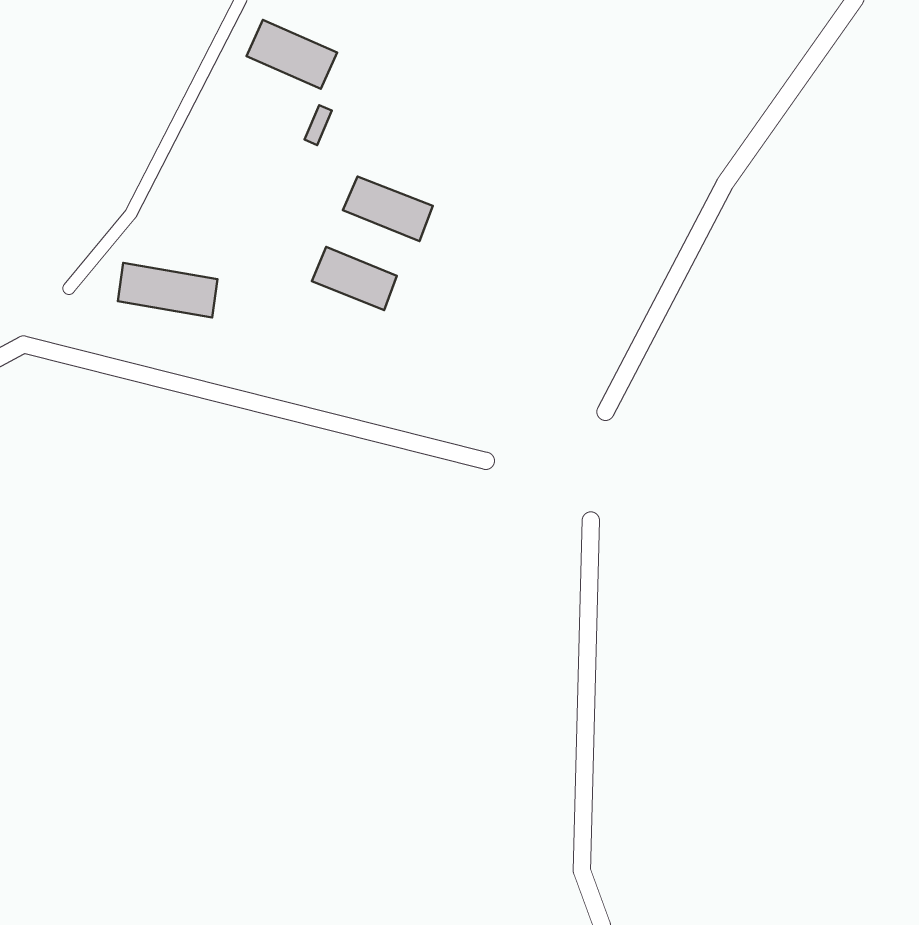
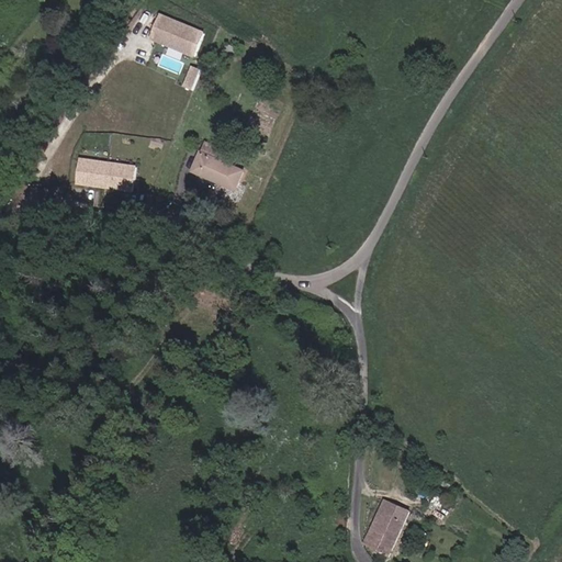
building: [343,177,433,241] -> none
building: none -> [363,499,406,555]

